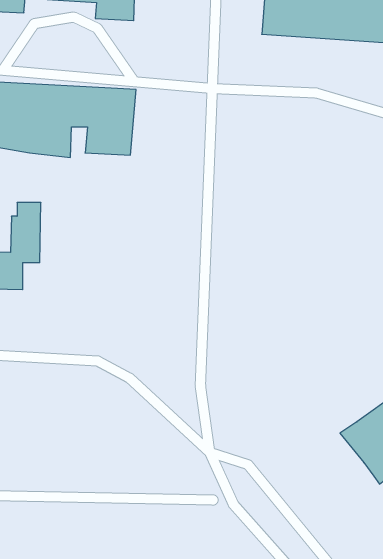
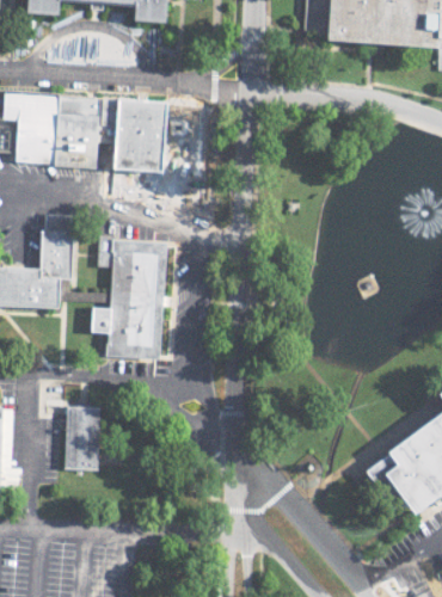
building: none -> [94,234,171,356]
building: none -> [65,408,103,470]

